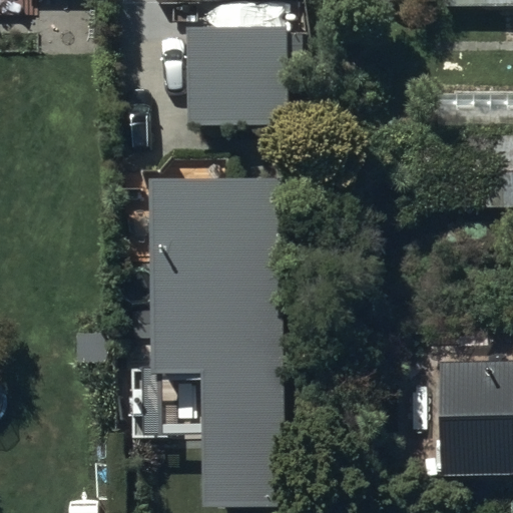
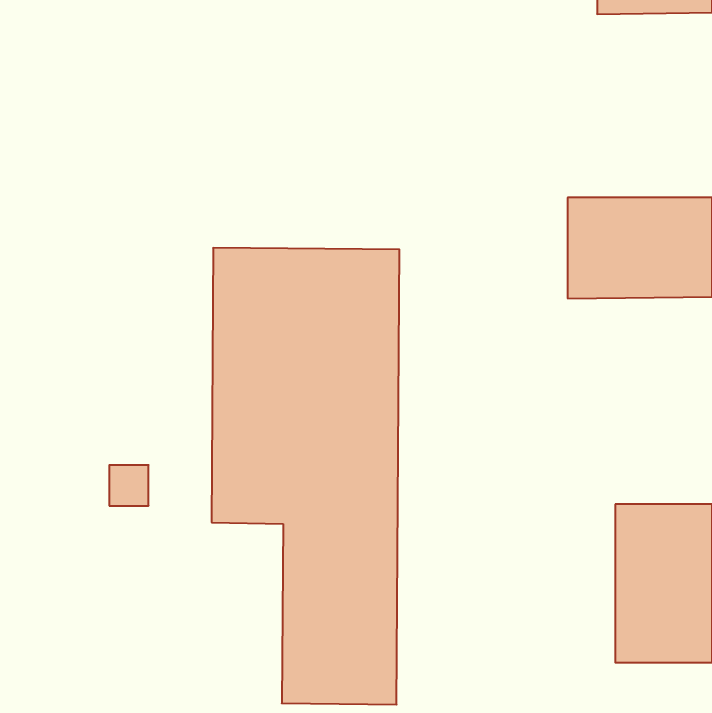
building: [186,24,285,123] -> none

